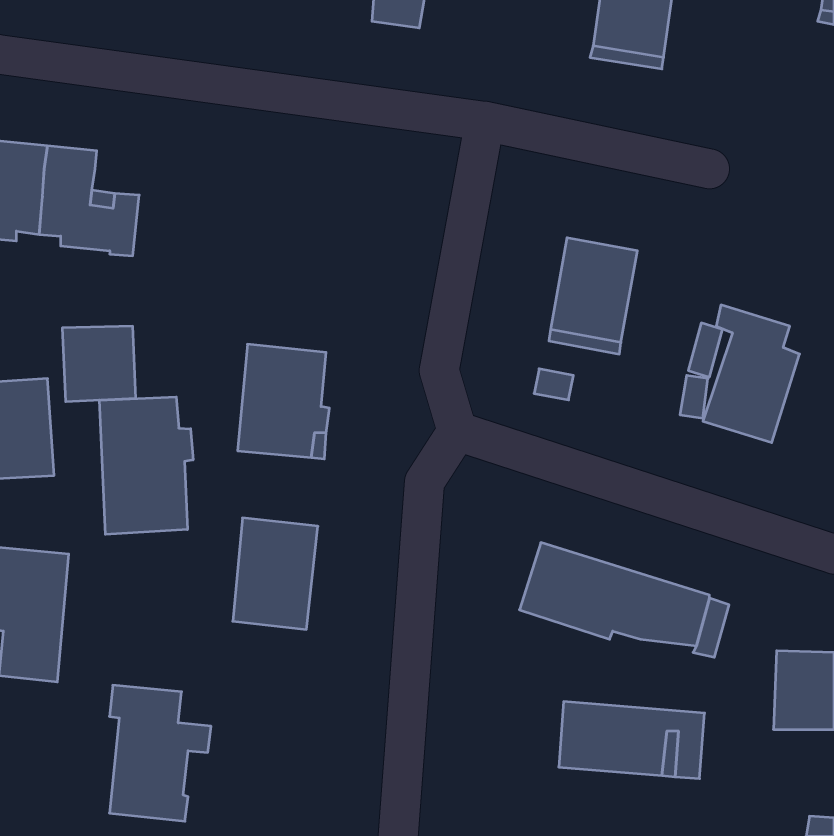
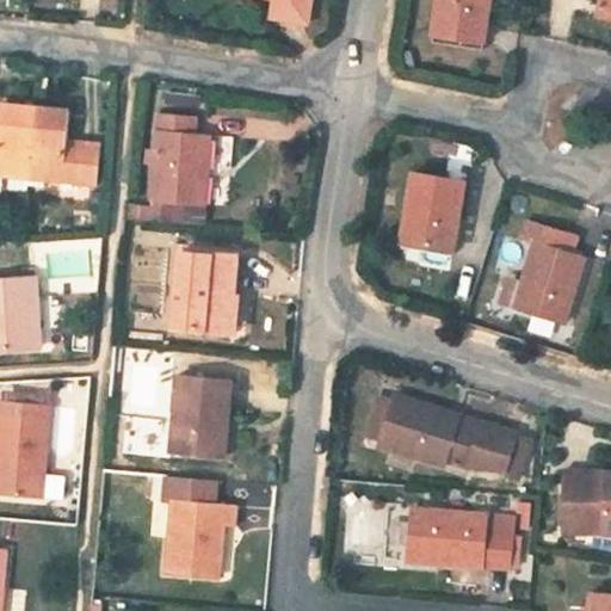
building: none -> [150,115,209,206]
building: [99,397,193,534] -> none
building: [109,685,211,821] -> [163,477,237,576]

